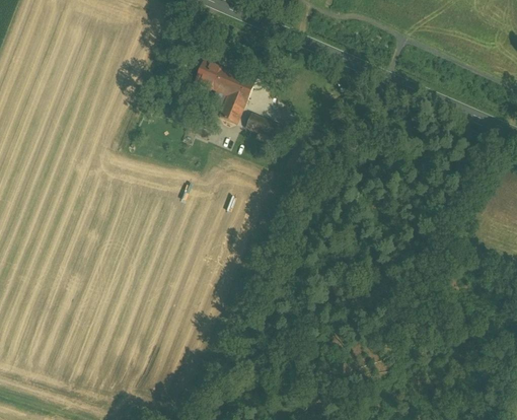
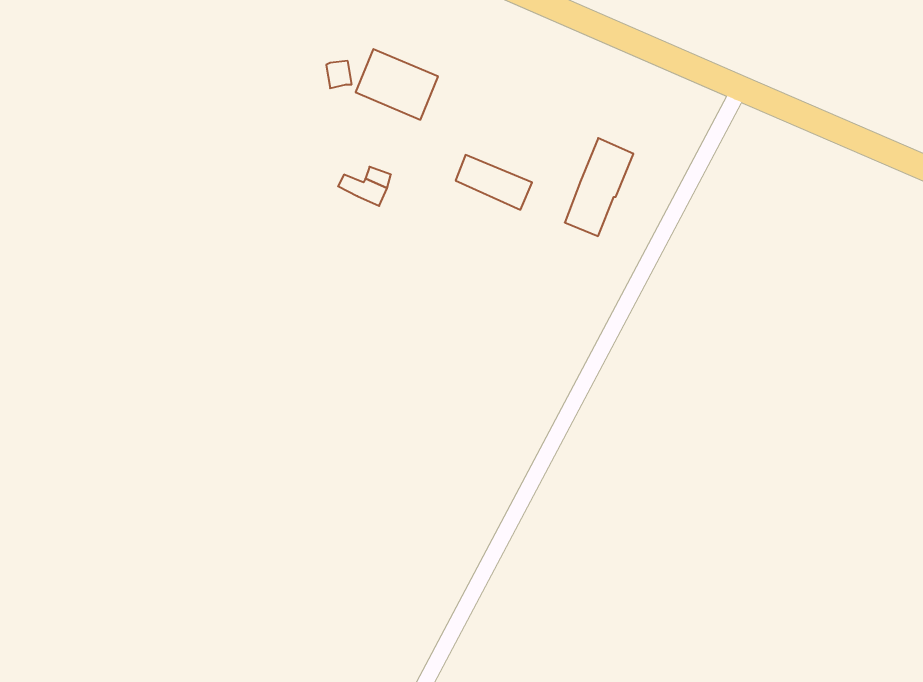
building: [218,74,253,125] -> [565,138,633,236]

